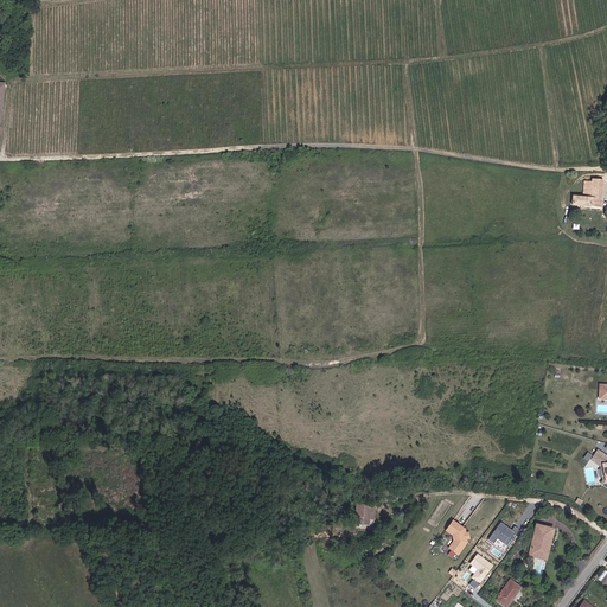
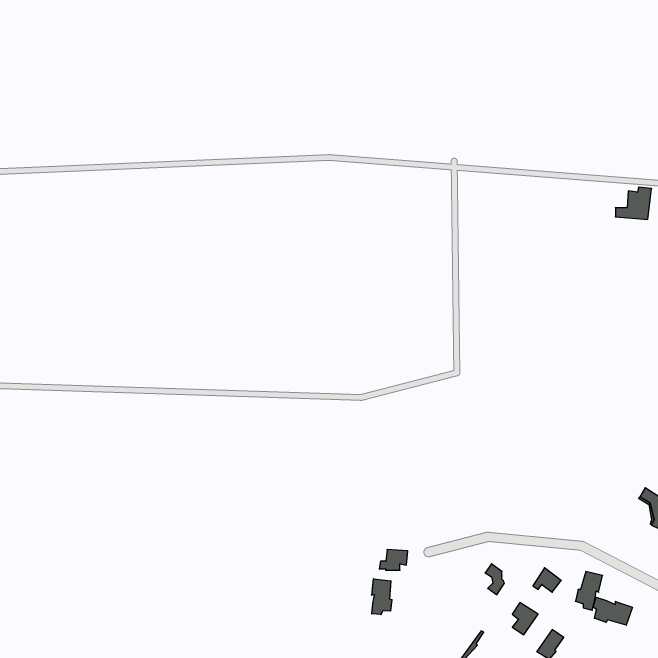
building: none -> [372,579,392,615]
building: none -> [593,597,632,625]

